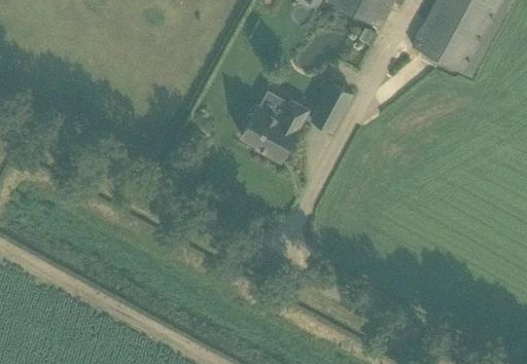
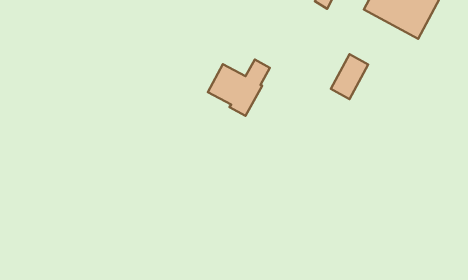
building: [311,82,352,132] -> [331,54,368,99]

